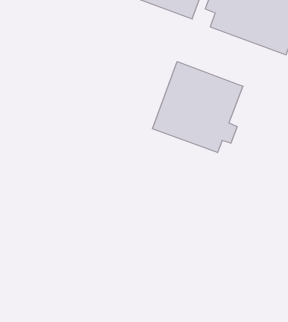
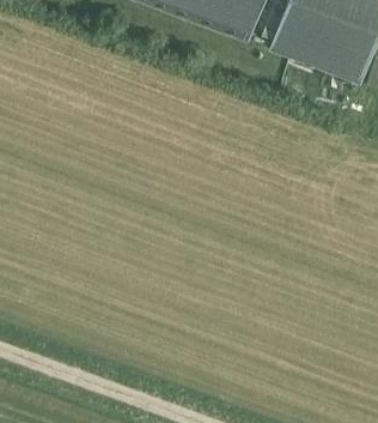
building: [152,62,243,153] -> none

